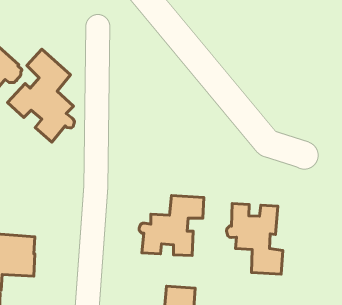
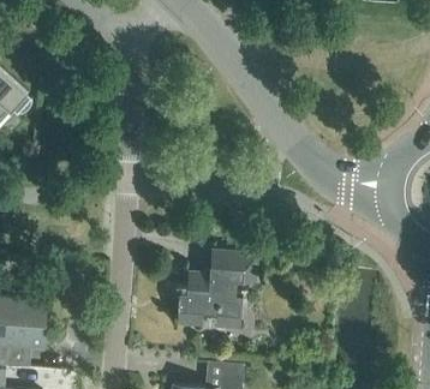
building: [7,49,74,142] -> none
building: [226,203,283,274] -> none

